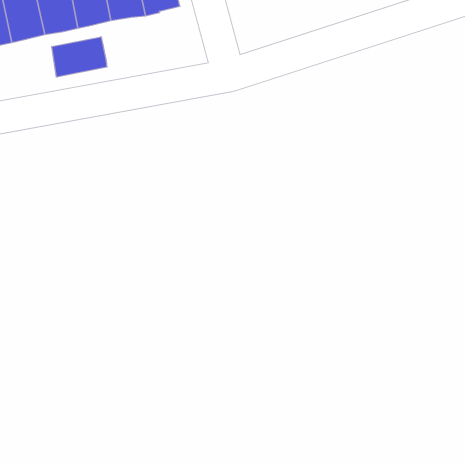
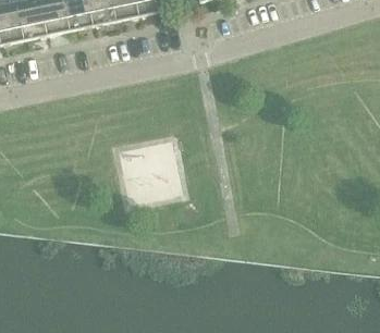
building: [52,37,107,77] -> none

